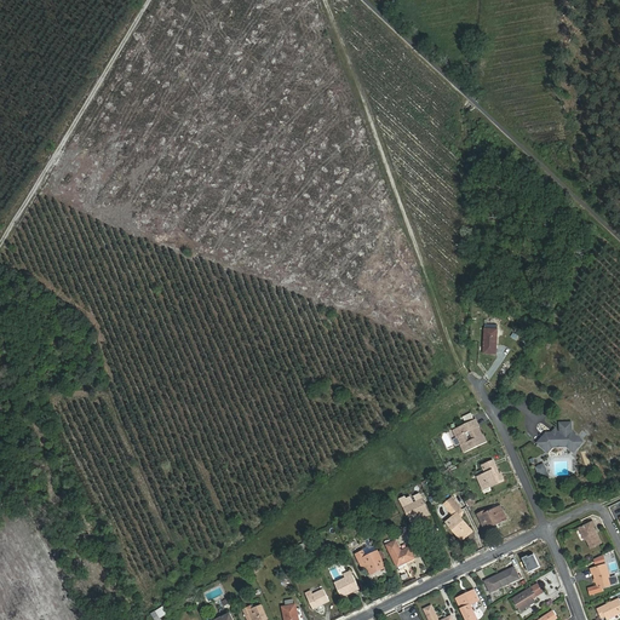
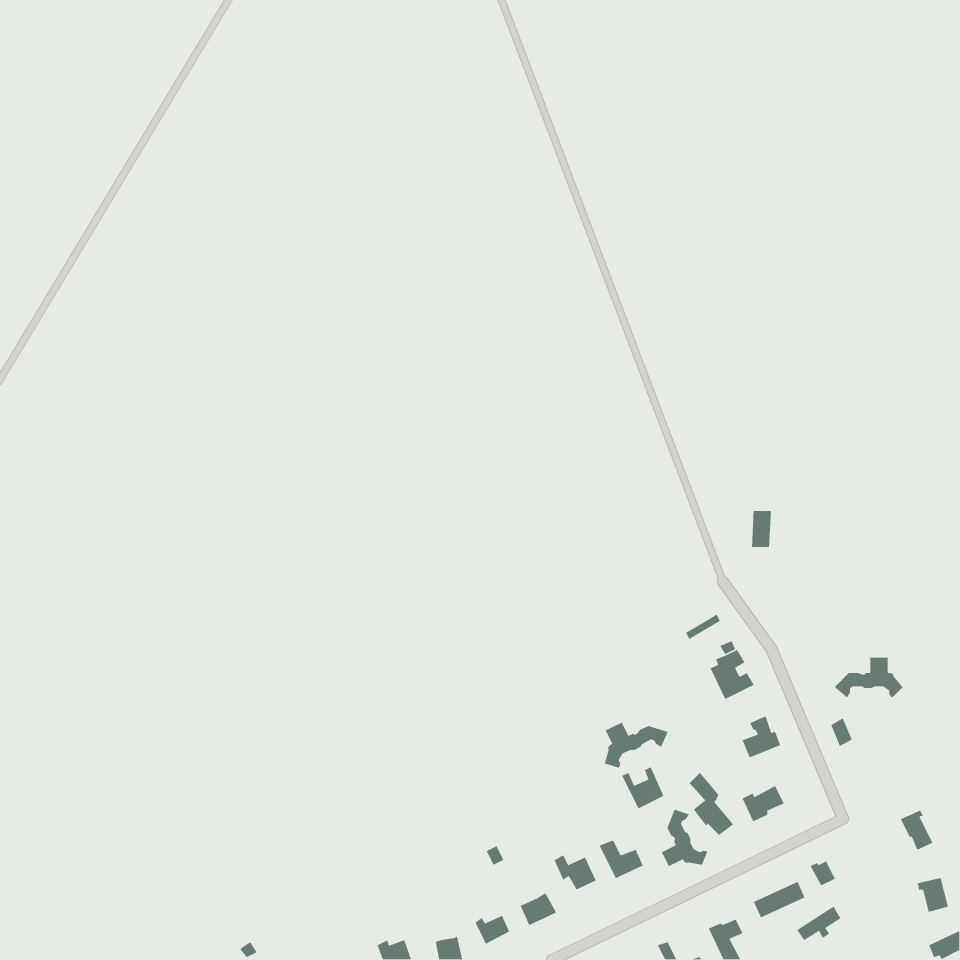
building: none -> [604,722,669,769]
building: none -> [661,809,708,867]

